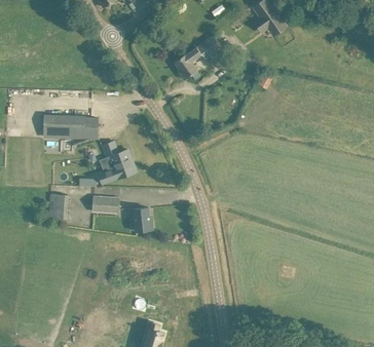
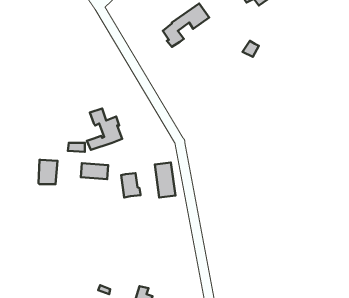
building: [21,116,98,139] -> none
building: none -> [155,162,175,198]

